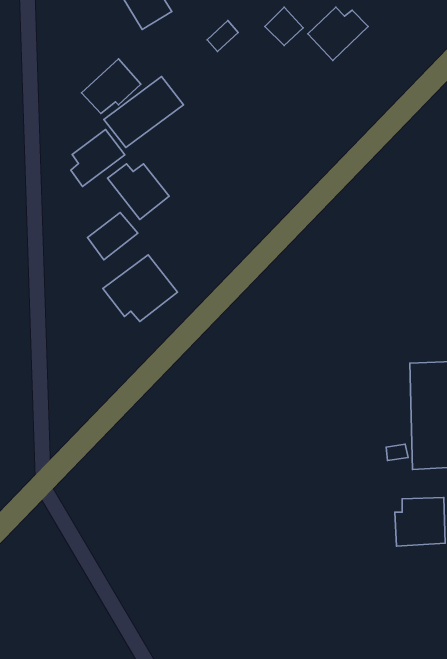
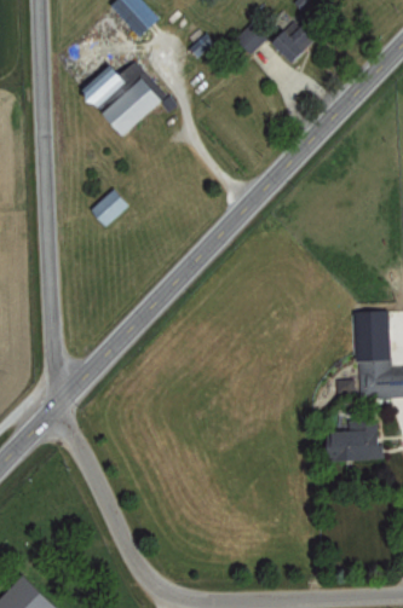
building: [71,130,125,186] -> none
building: [108,164,169,219] -> none
building: [103,255,178,322] -> none

